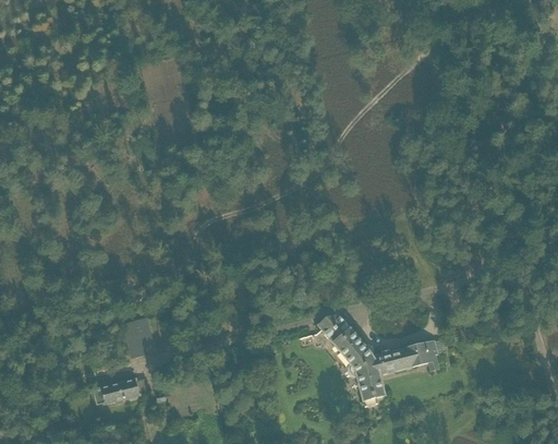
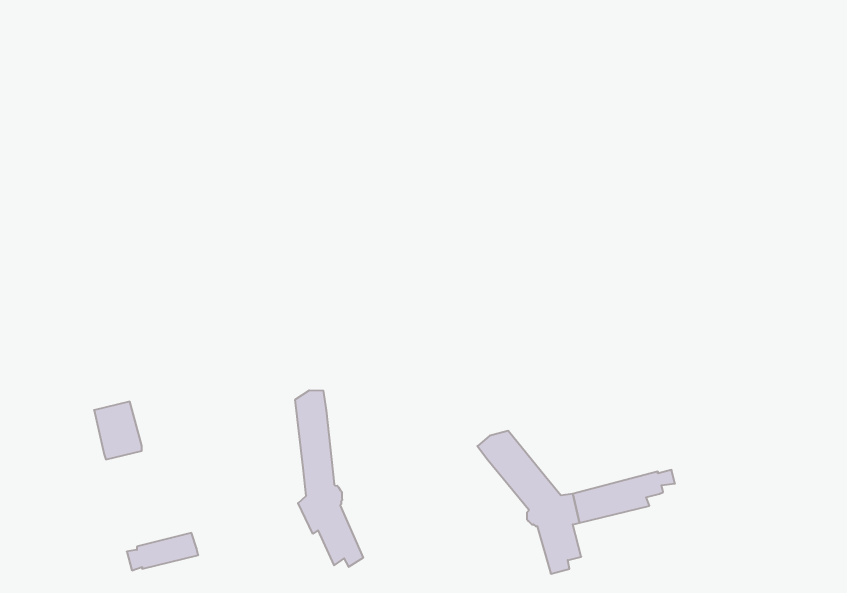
building: none -> [295,390,363,567]
building: [123,319,154,356] -> [94,402,142,459]

